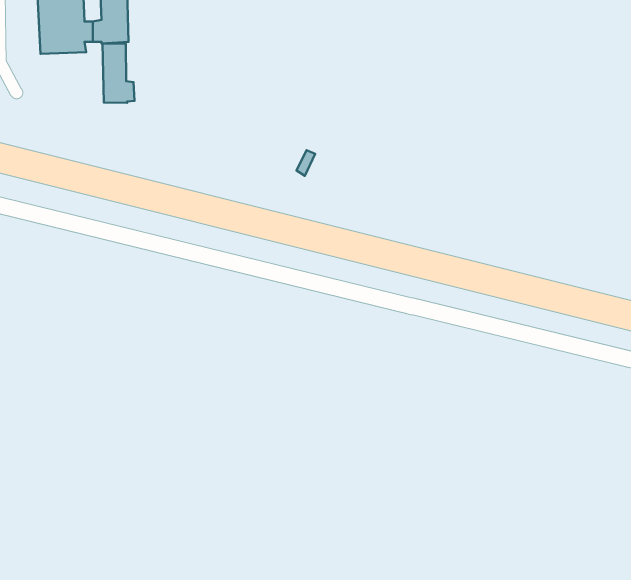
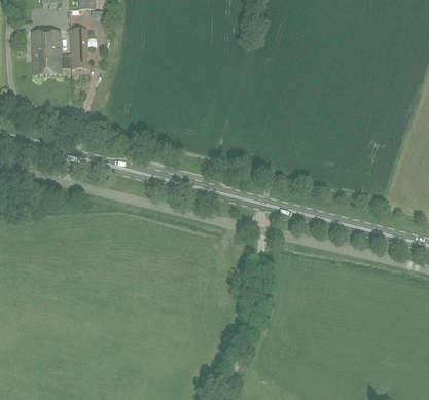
building: [102,43,135,103] -> none

